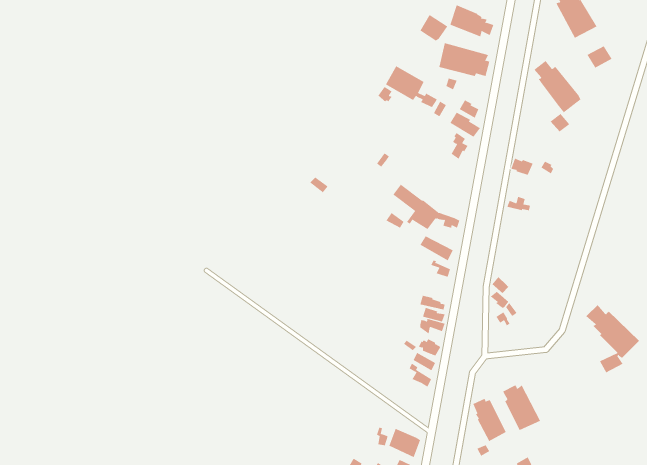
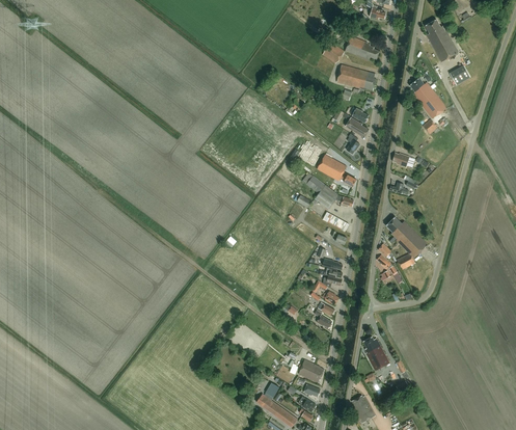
building: [385,66,438,108] -> [317,154,357,186]
building: [586,304,640,373] -> [386,216,428,269]
building: [503,384,541,431] -> none

